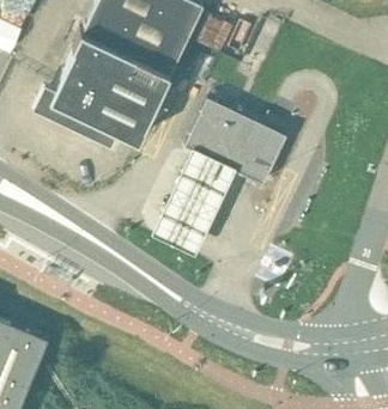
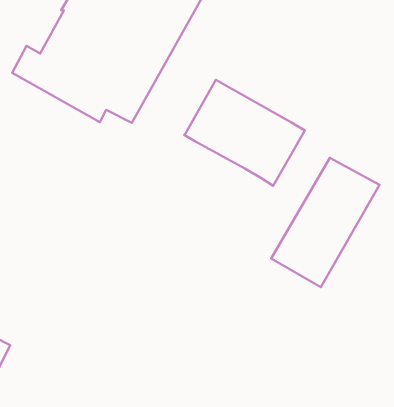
building: [150,153,238,264] -> [271,158,380,287]

